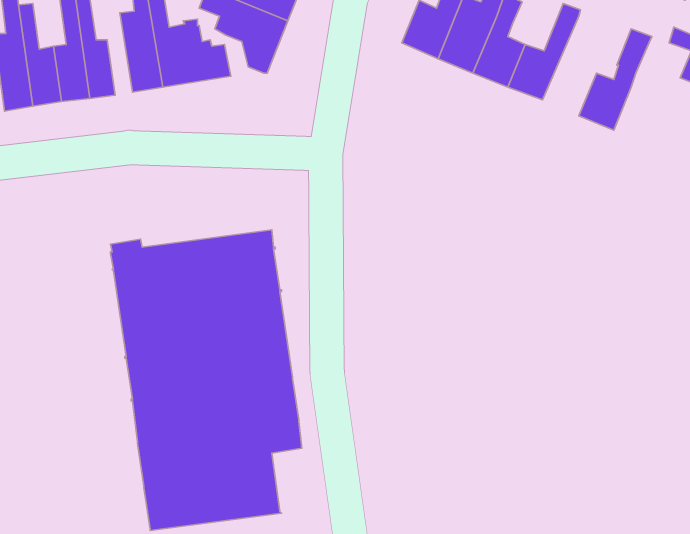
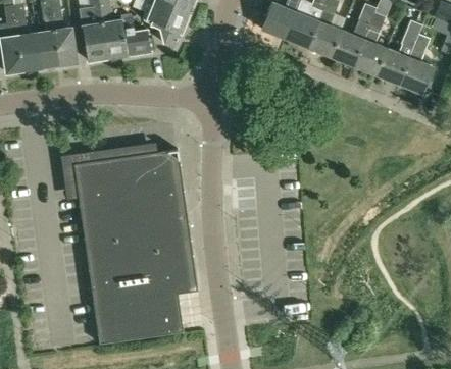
building: none -> [352,11,387,75]
building: none -> [398,34,433,94]

